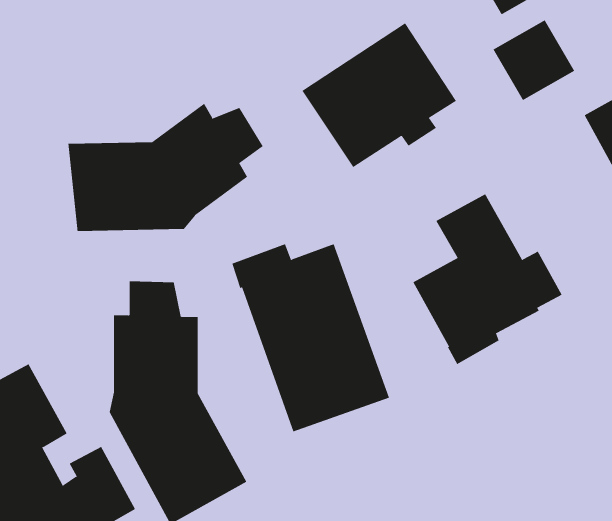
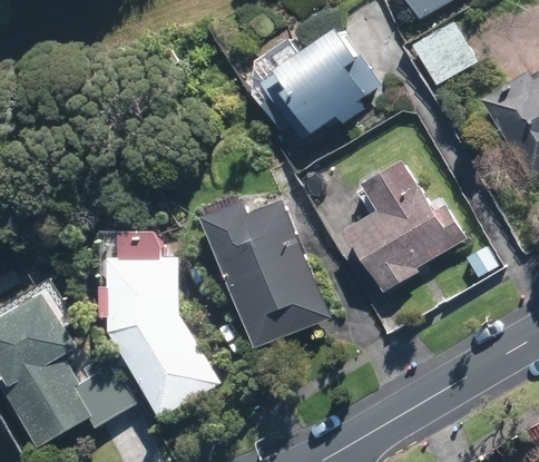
building: [68,103,263,232] -> none

